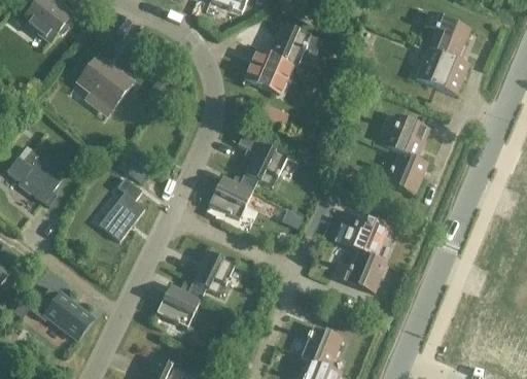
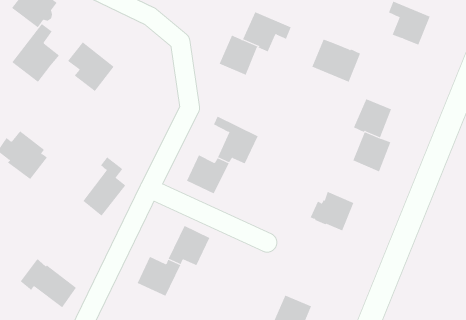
building: none -> [12,23,60,83]
building: [416,47,468,94] -> [311,39,361,82]
building: [346,249,387,292] -> none

